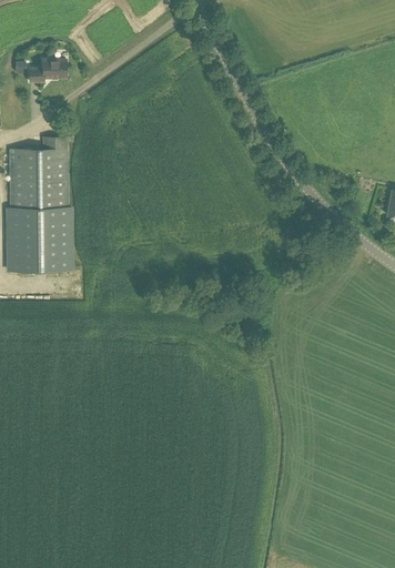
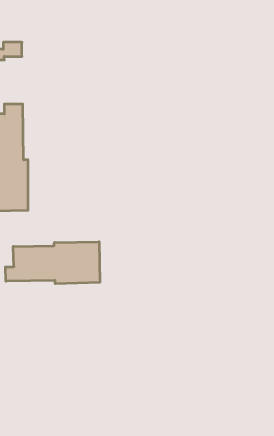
building: none -> [5,242,100,284]

